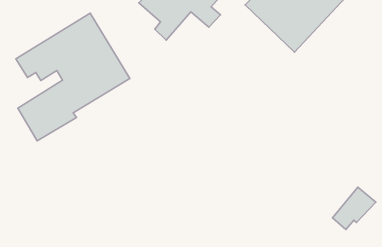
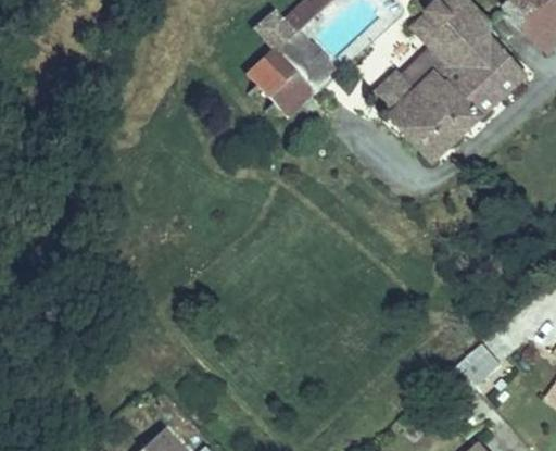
building: [16,13,130,141] -> none

